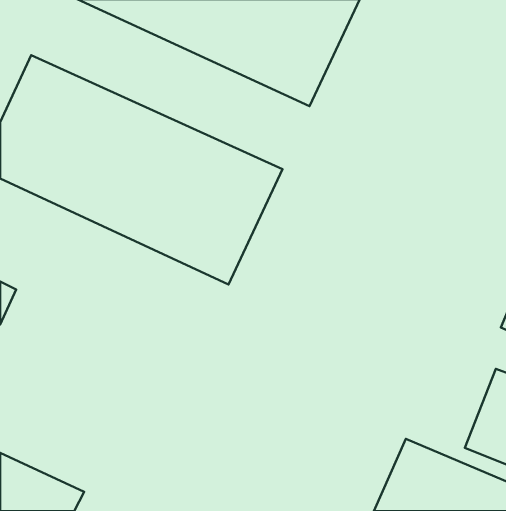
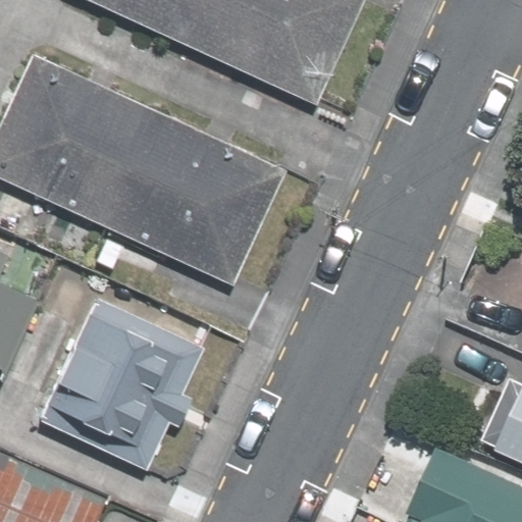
building: none -> [21,288,195,477]

